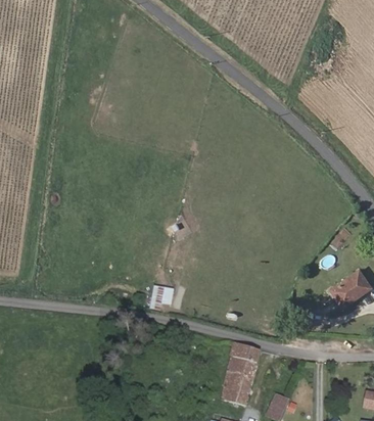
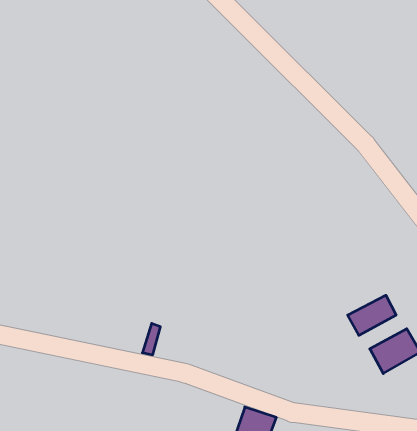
building: none -> [348,295,396,335]

